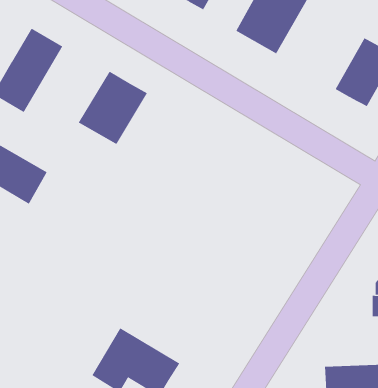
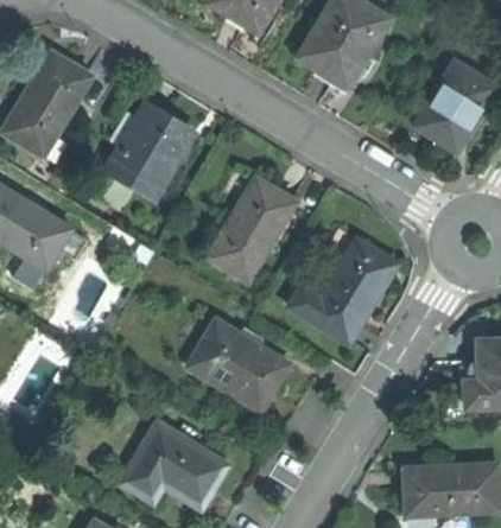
building: none -> [209,178,299,281]
building: none -> [288,229,397,343]
building: none -> [189,318,287,411]

